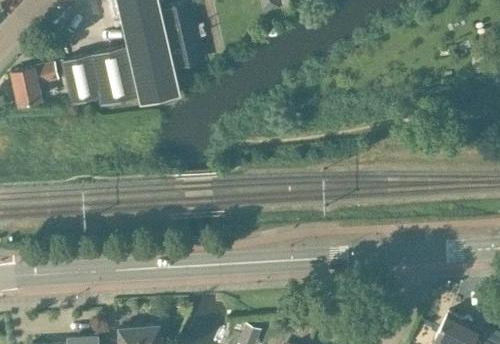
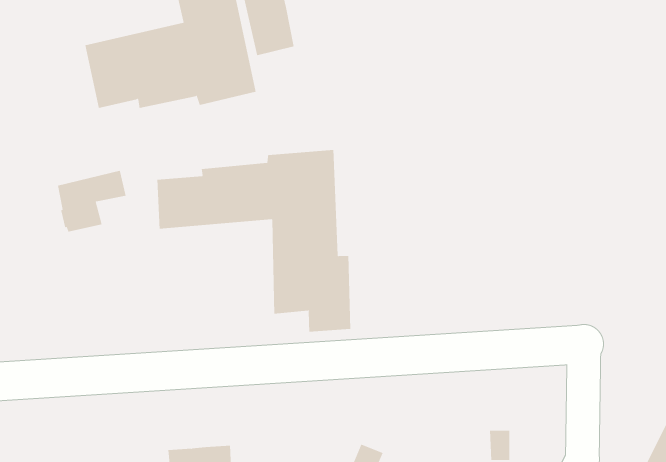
building: [12,63,58,104] -> [57,170,127,232]
building: none -> [157,149,351,333]

